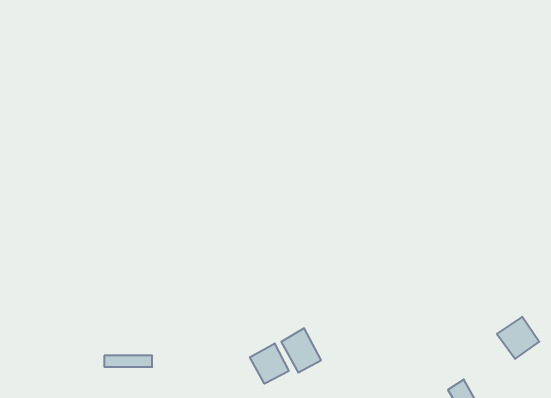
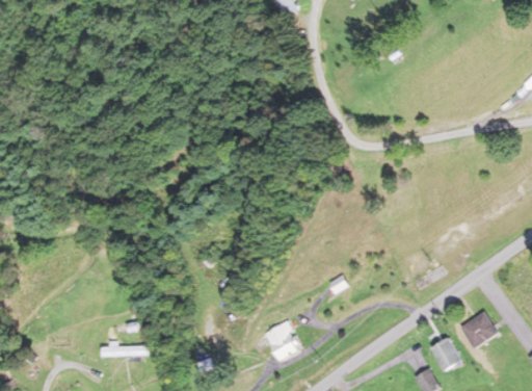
building: [250,343,289,384] -> none
building: none -> [431,338,462,372]

